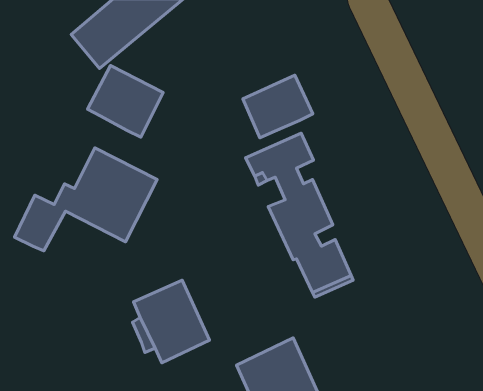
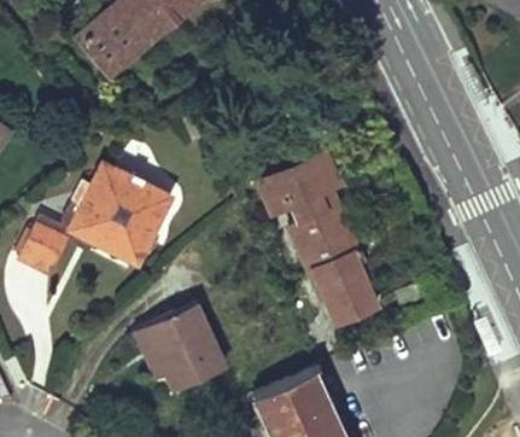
building: [87,66,163,137] -> none
building: [243,75,313,138] -> none

